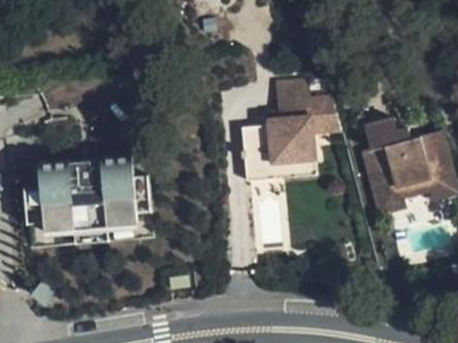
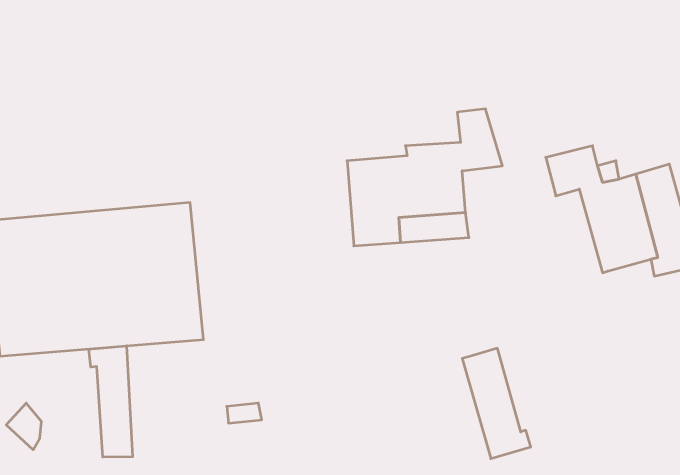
building: [275,78,312,118] -> none
building: [364,145,406,213] -> [462,348,531,459]
building: none -> [89,346,133,457]

